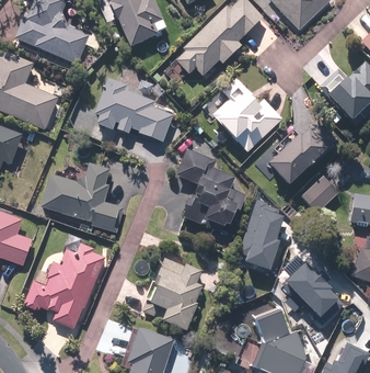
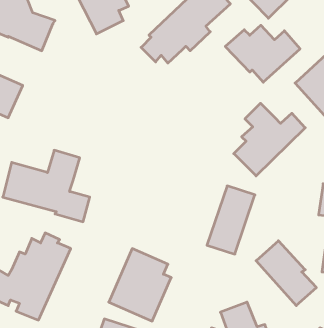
building: [93,87,173,142] -> none
building: [209,94,282,150] -> [225,25,300,82]
building: [175,148,244,229] -> none
building: [301,176,338,213] -> none

